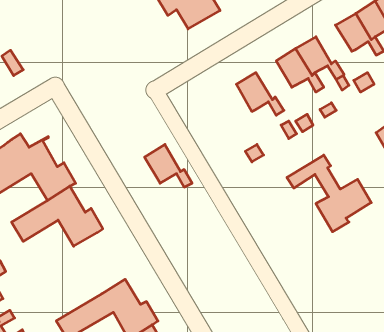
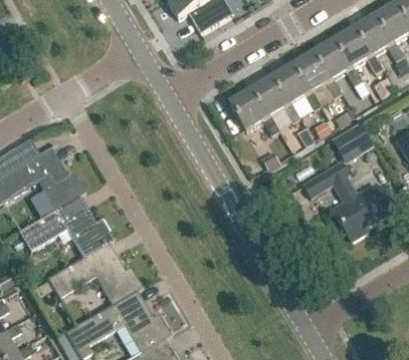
building: none -> [334,27,383,71]
building: none -> [271,64,321,107]
building: none -> [332,122,374,162]
building: [145,144,192,187] -> [230,88,279,132]
building: none -> [46,242,142,305]

